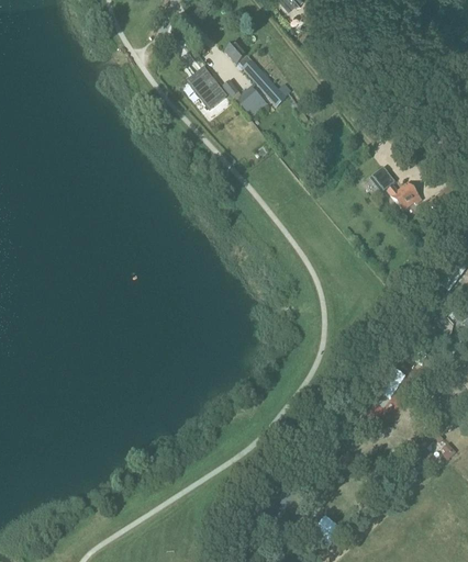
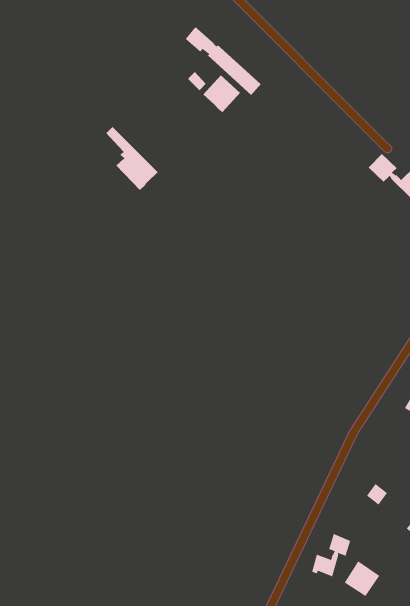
building: [187,54,229,112] -> [106,126,158,191]
building: none -> [311,533,351,577]

